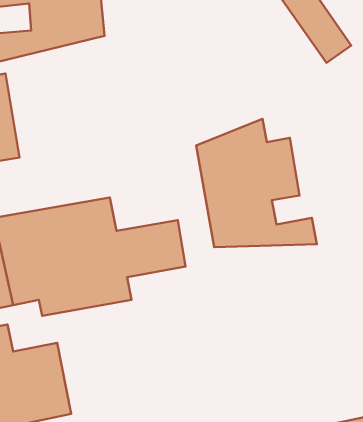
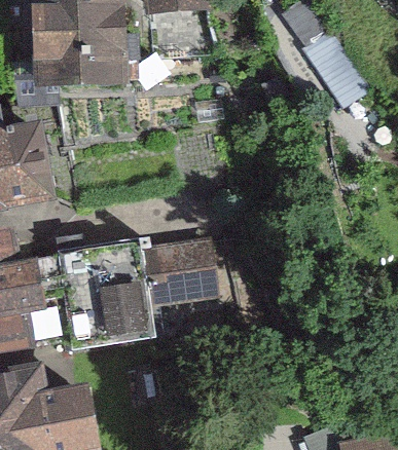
building: [196,119,317,247] -> none

